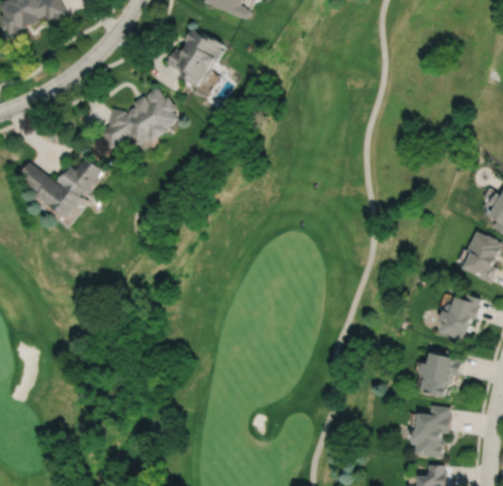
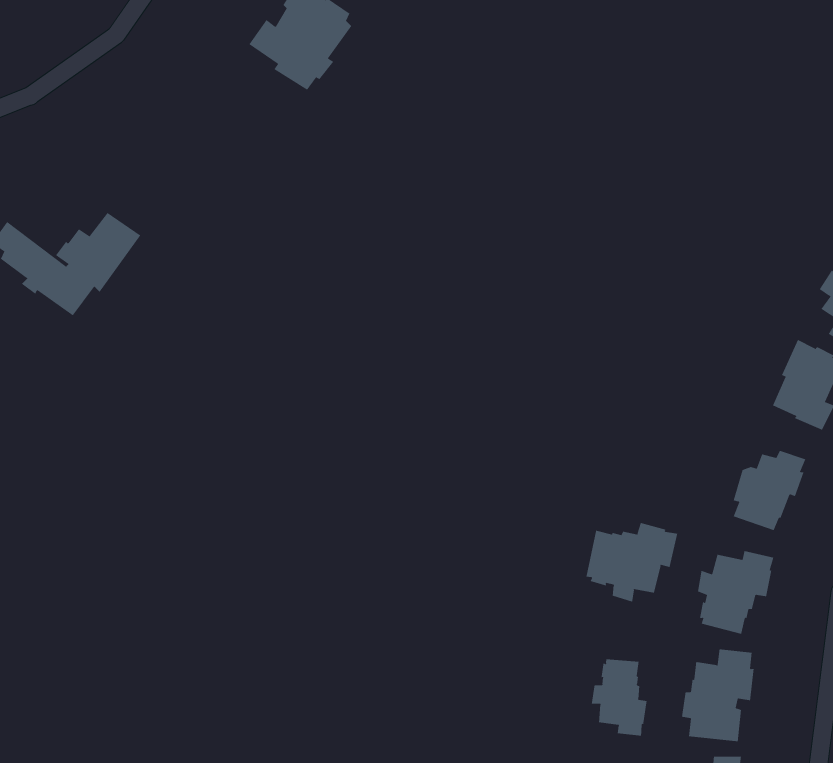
building: [98,89,177,150] -> none
building: none -> [586,522,678,603]
building: none -> [591,658,647,736]

